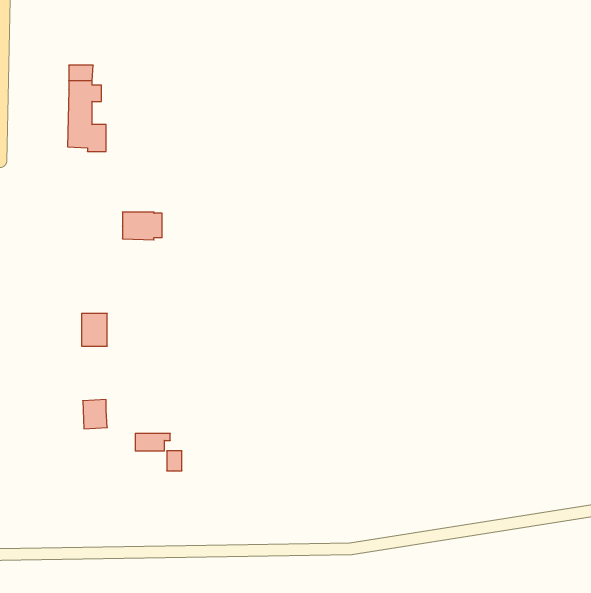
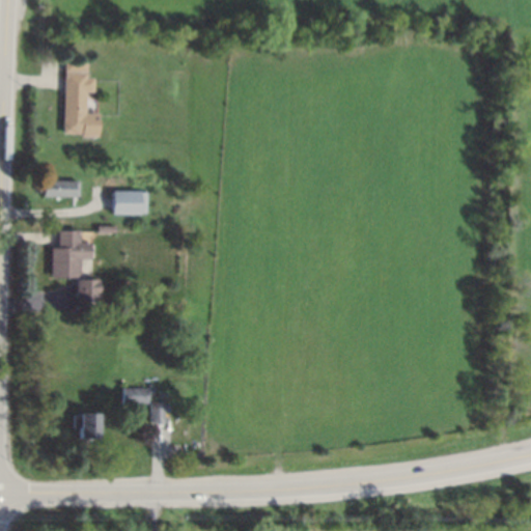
building: none -> [44,181,80,198]
building: none -> [52,231,91,278]
building: [83,400,107,429] -> [80,415,102,441]

